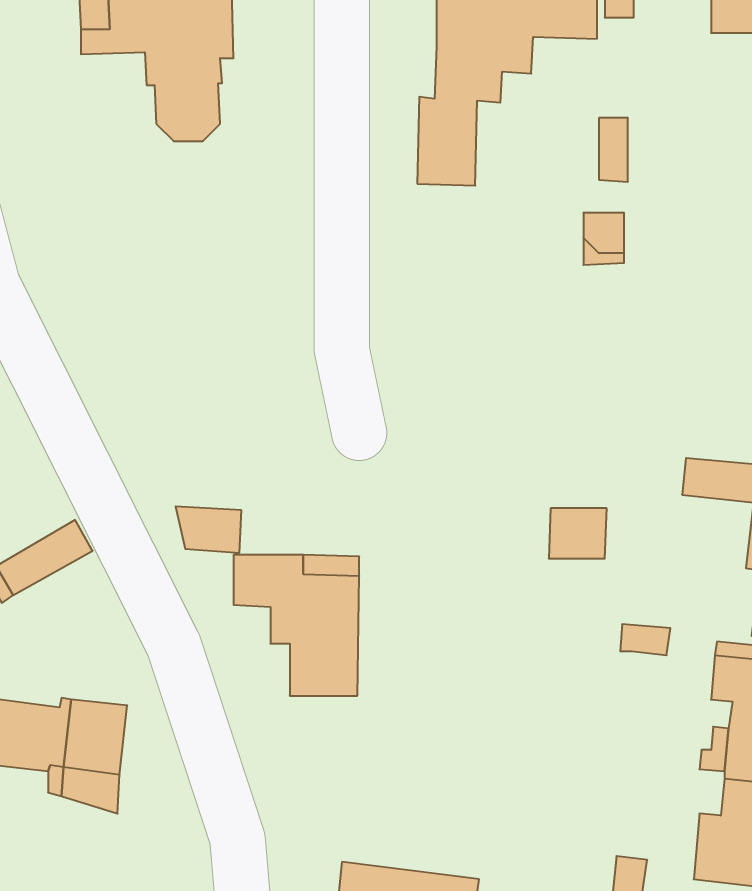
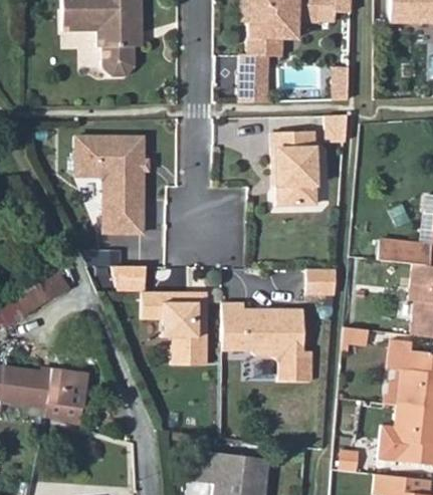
building: none -> [271,132,315,206]
building: none -> [75,136,145,233]
building: none -> [220,301,310,379]

